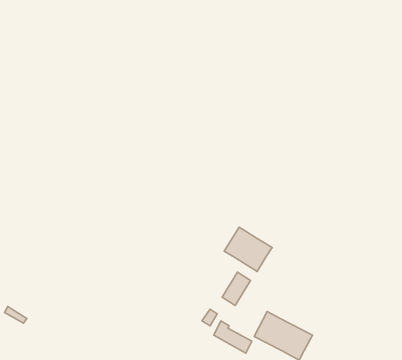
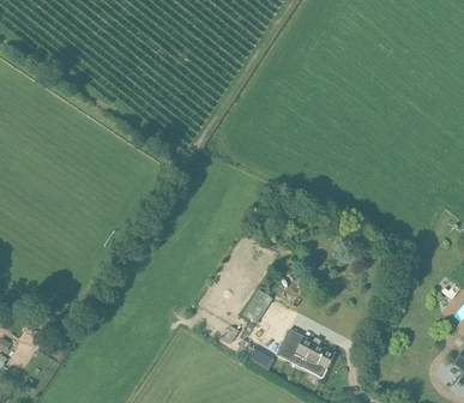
building: [224,227,272,272] -> none

